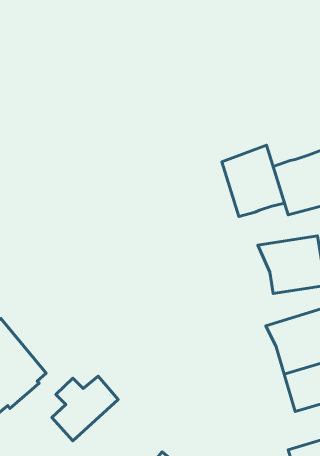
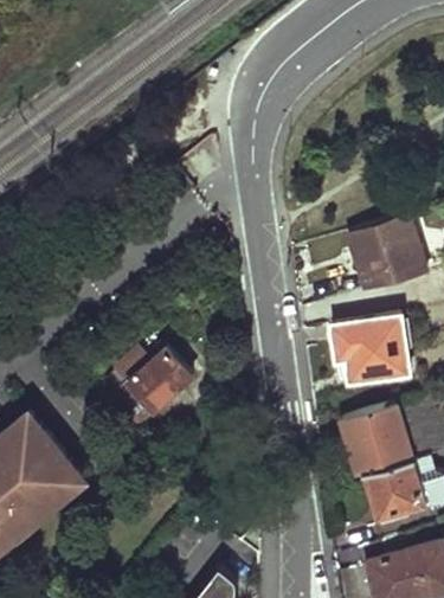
building: [222,145,285,216] -> none
building: [52,376,118,441] -> [109,353,187,429]

